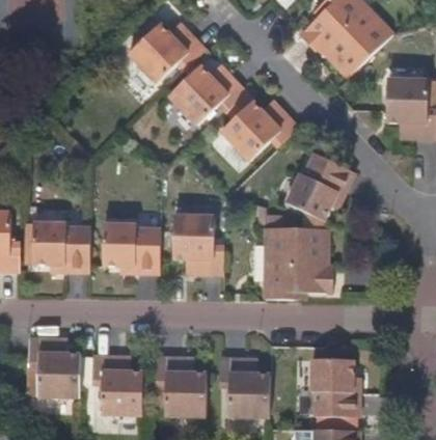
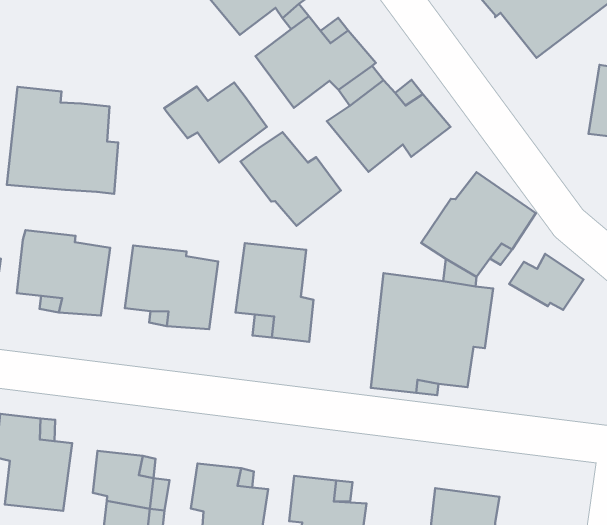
building: none -> [164,83,267,162]
building: none -> [7,87,118,194]
building: none -> [241,132,341,226]
building: none -> [509,254,583,310]

